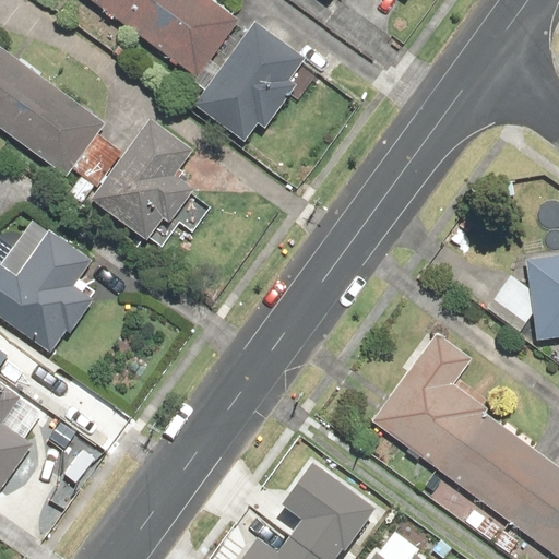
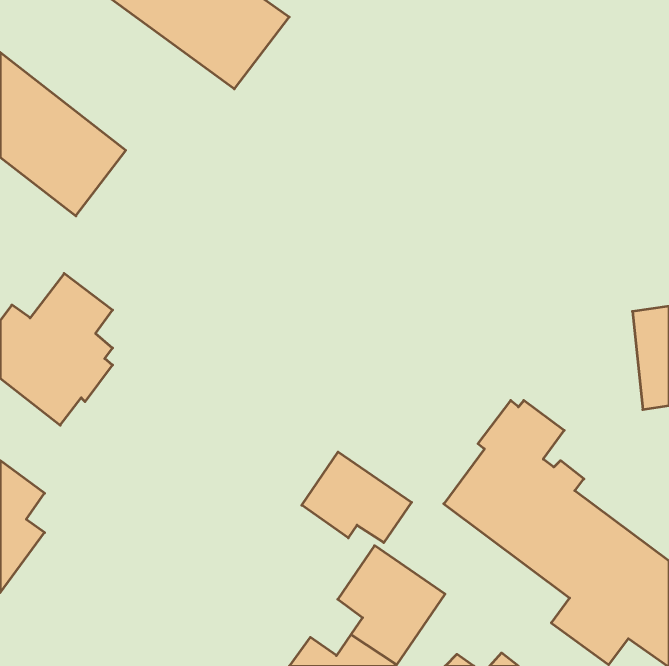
building: [191,20,306,143] -> none
building: [91,119,194,241] -> none
building: none -> [302,452,412,543]

